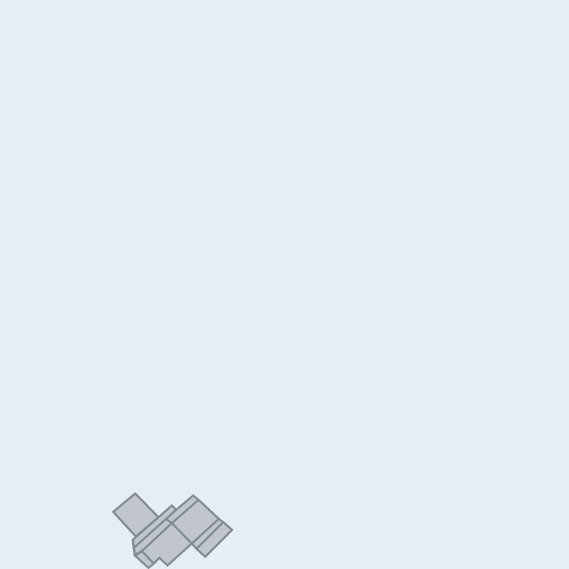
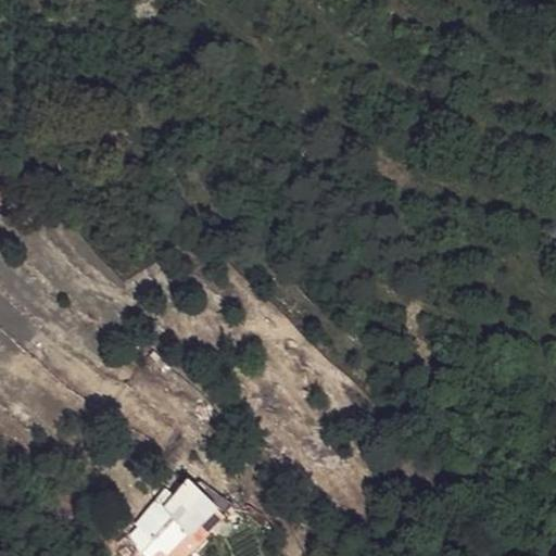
building: [113,494,158,536] -> none

